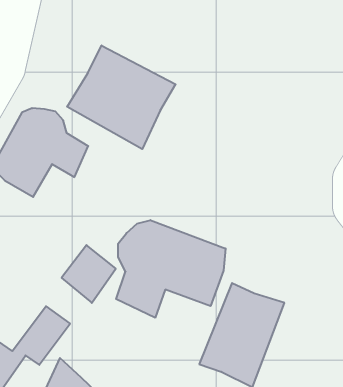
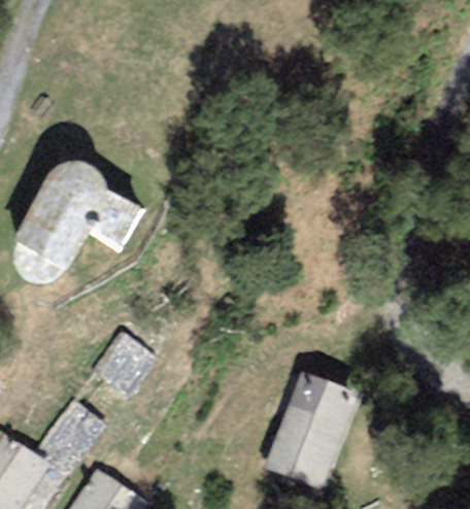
building: [67,45,176,149] -> none
building: [116,220,226,318] -> none

